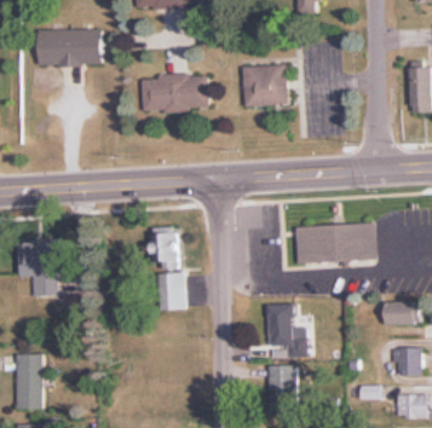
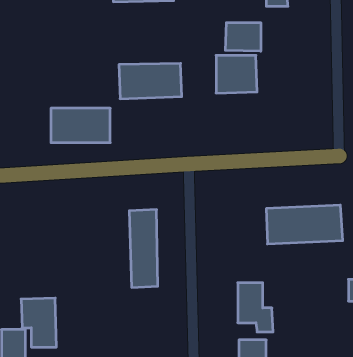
building: [38,28,100,64] -> [51,108,110,143]
building: none -> [225,23,261,51]
building: [21,244,58,296] -> [21,298,56,347]

